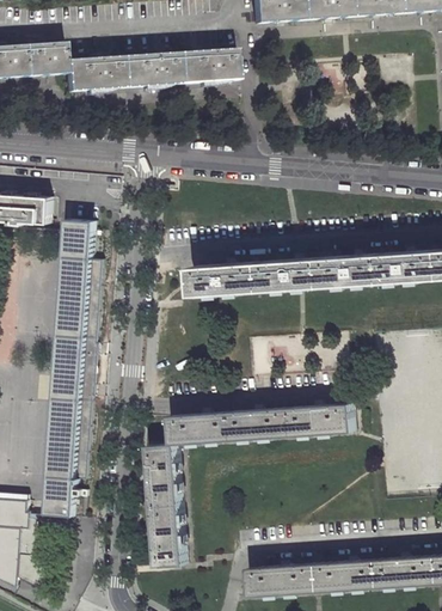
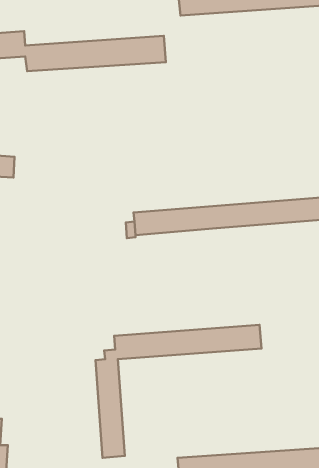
building: [44,219,100,515] -> none

